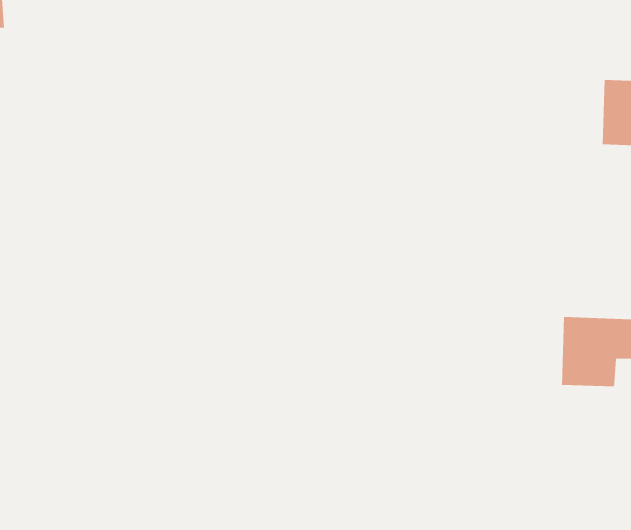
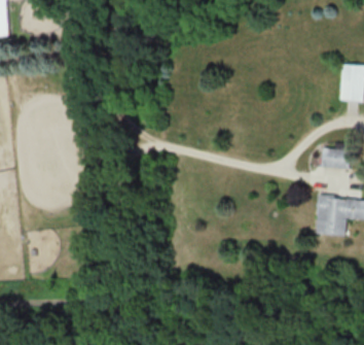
building: none -> [322,147,350,168]

